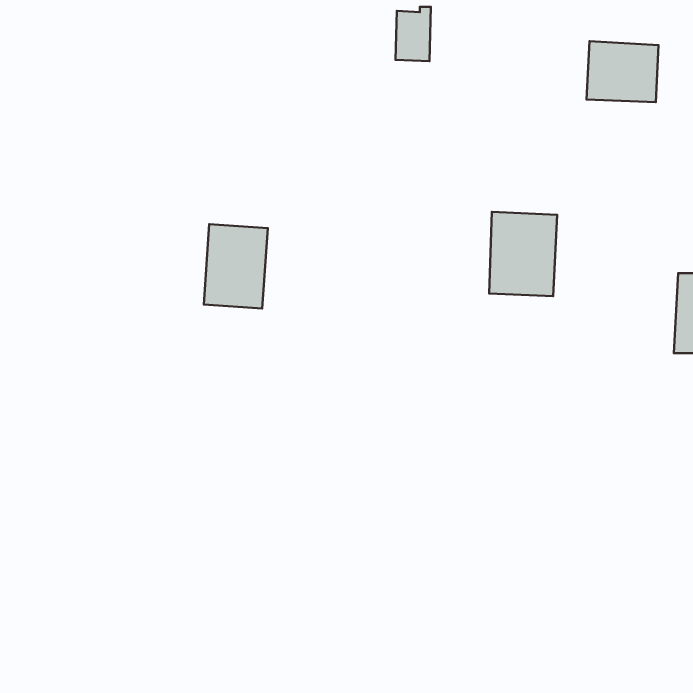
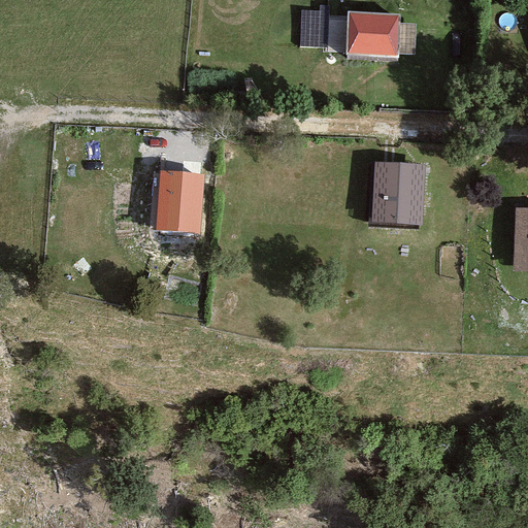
building: [587,41,659,102] -> [345,10,400,57]

